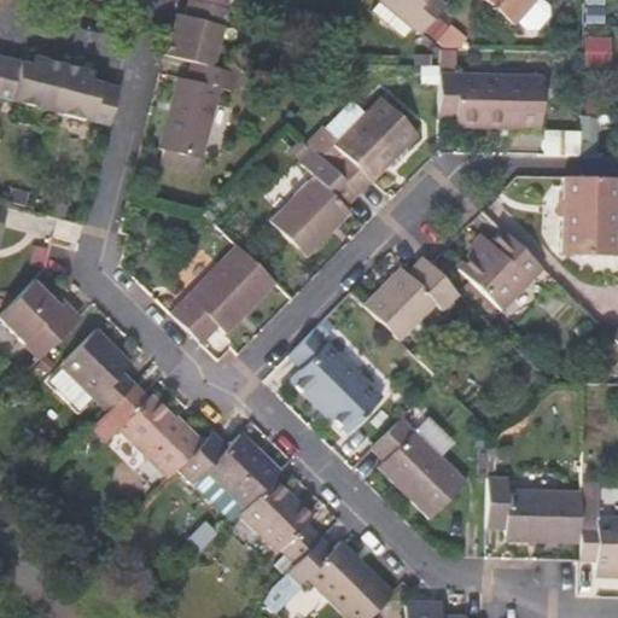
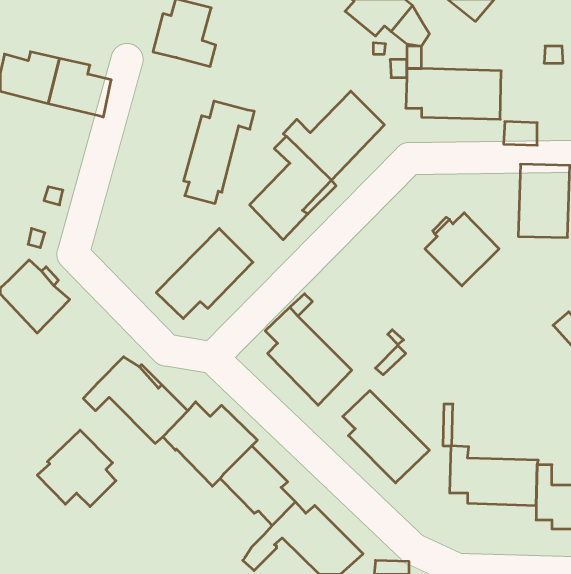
building: [161,62,237,171] -> [184,101,254,203]
building: [363,257,459,339] -> none
building: [52,328,136,410] -> [37,430,116,507]

